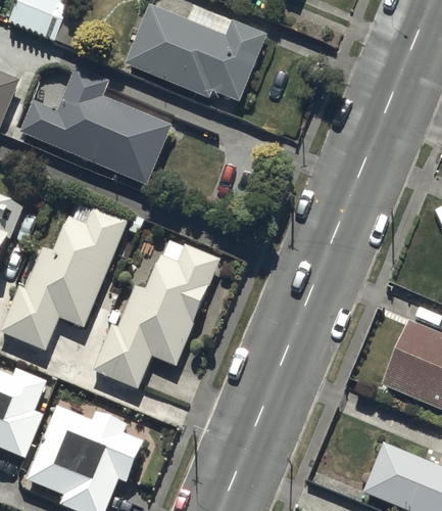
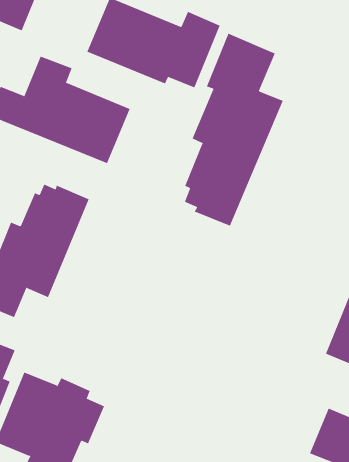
building: none -> [184,33,283,227]
building: [91,238,220,387] -> none

